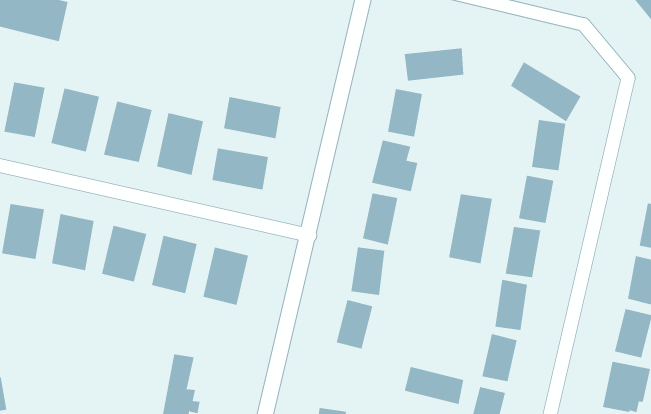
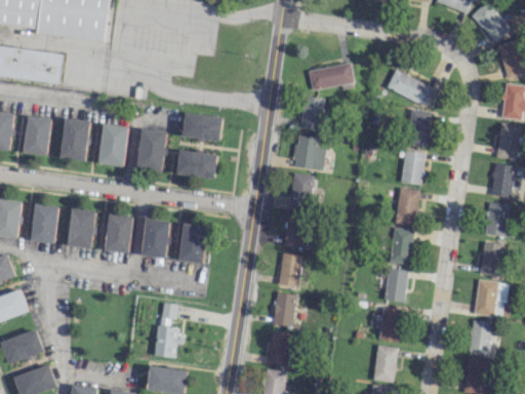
building: [449,194,493,264] -> none
building: none -> [273,291,297,326]
building: [404,366,464,405] -> none

